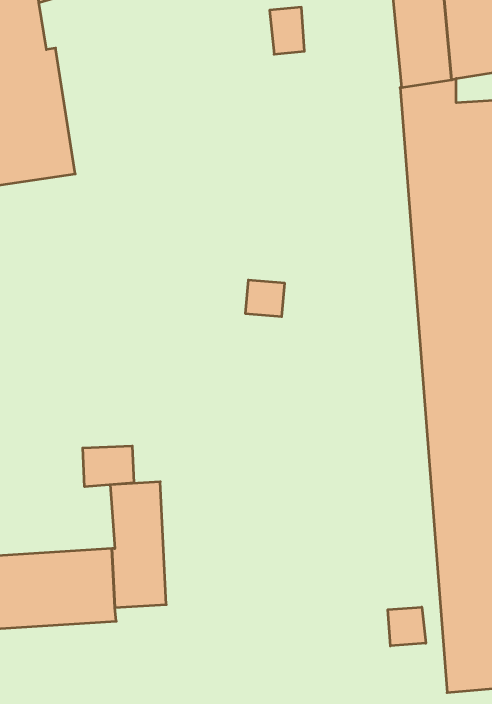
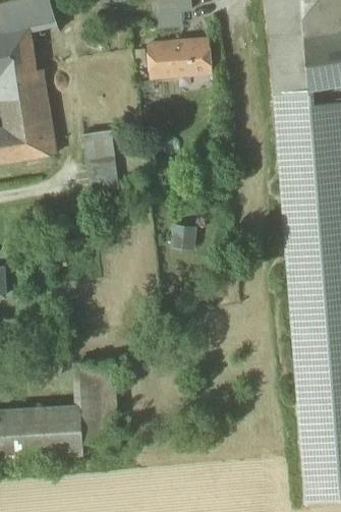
building: none -> [150,43,189,75]
building: none -> [83,130,118,192]
building: [83,446,134,487] -> none
building: [388,607,426,646] -> none

